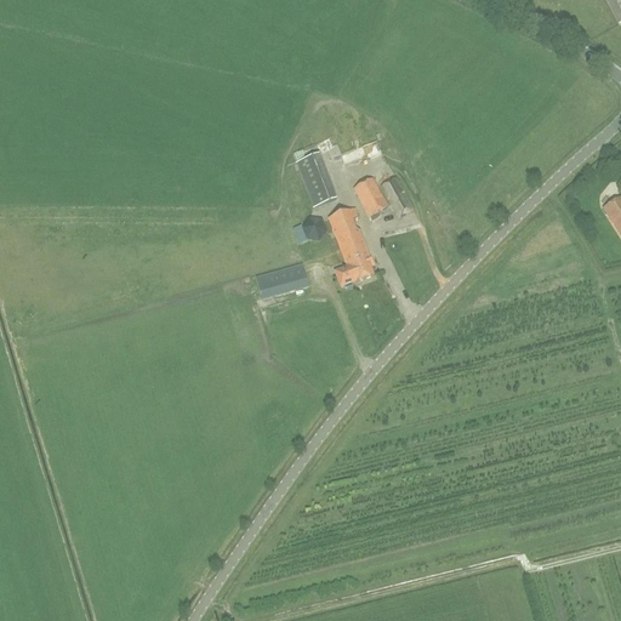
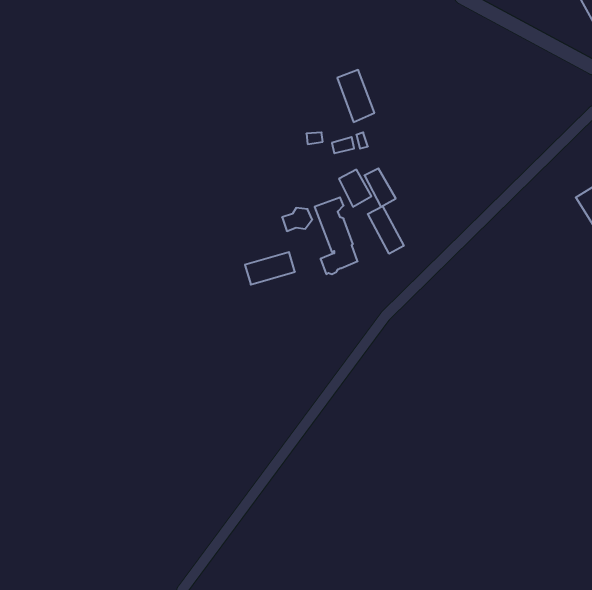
building: [298,152,337,206] -> [337,70,374,122]
building: none -> [368,206,404,254]

